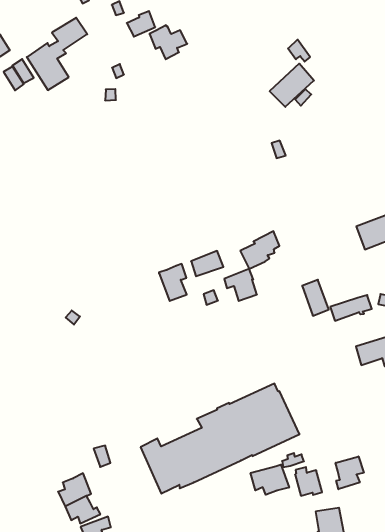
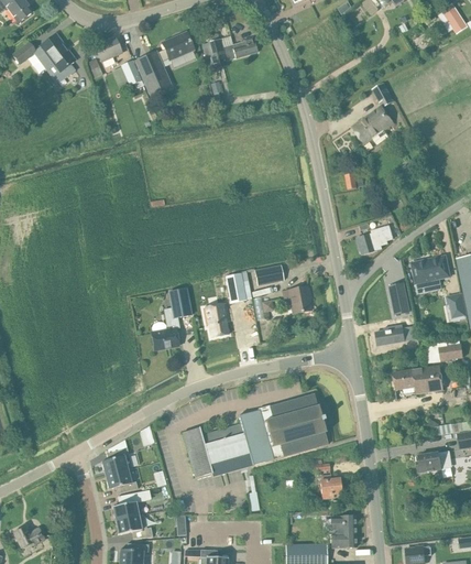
building: [149,25,187,59] -> [202,37,236,68]
building: [240,231,279,269] -> [357,224,393,254]
building: [302,280,329,316] -> [388,282,409,314]
building: none -> [151,288,191,349]
building: none -> [204,303,228,336]
building: [336,456,364,489] -> none
building: [251,465,289,495] -> none

